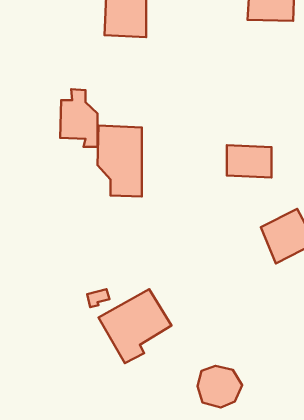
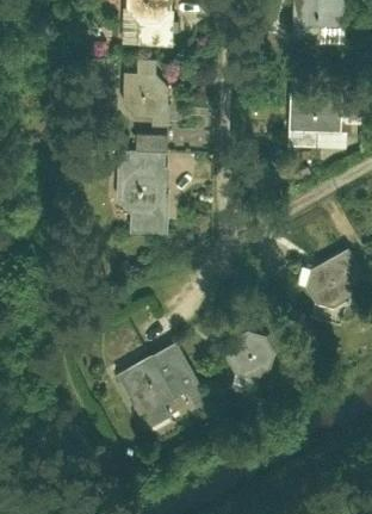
building: [60,89,98,147] -> [125,57,169,125]
building: [227,145,271,178] -> [290,93,342,131]
building: [197,366,242,408] -> [217,336,269,385]

